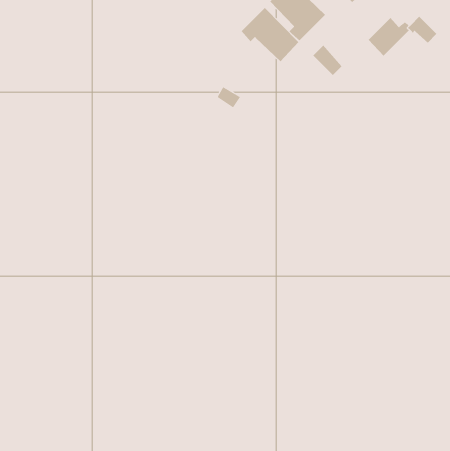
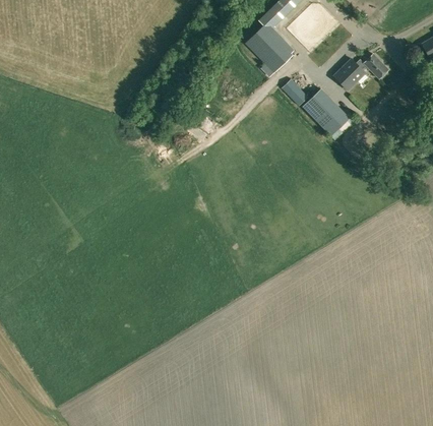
building: [241,7,299,62] -> none
building: none -> [302,88,351,137]

